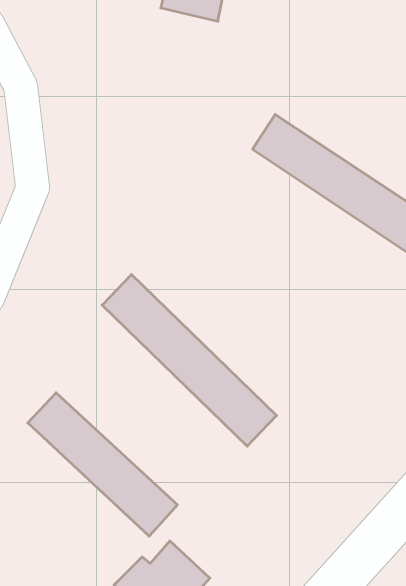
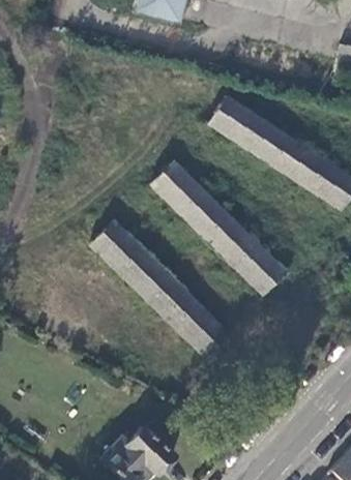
building: none -> [149,159,285,294]
building: [28,393,177,536] -> none

